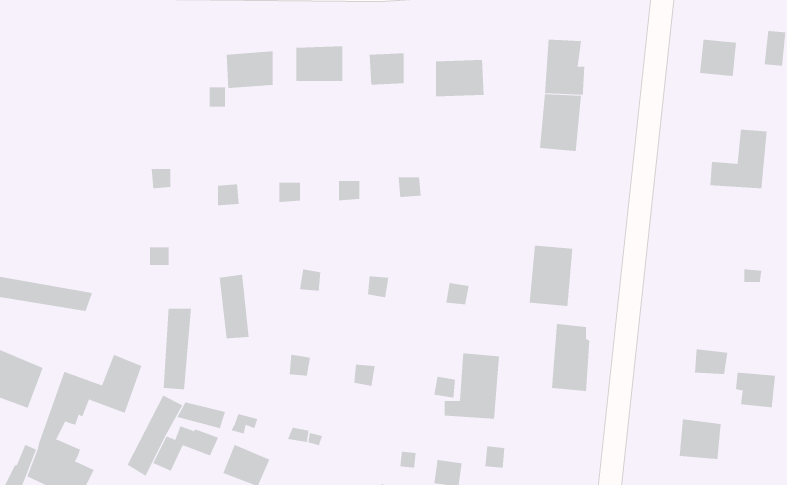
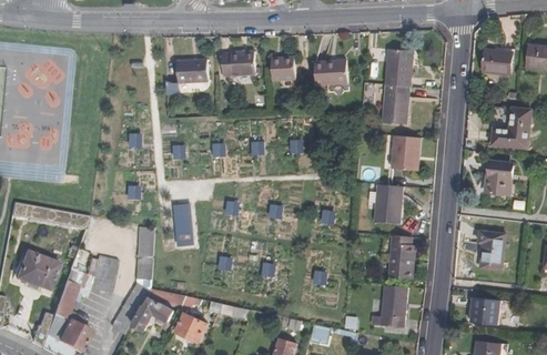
building: none -> [389,134,419,169]
building: none -> [485,161,513,194]
building: [444,353,500,419] -> [371,284,407,327]
building: [735,372,776,408] -> [479,230,506,253]

